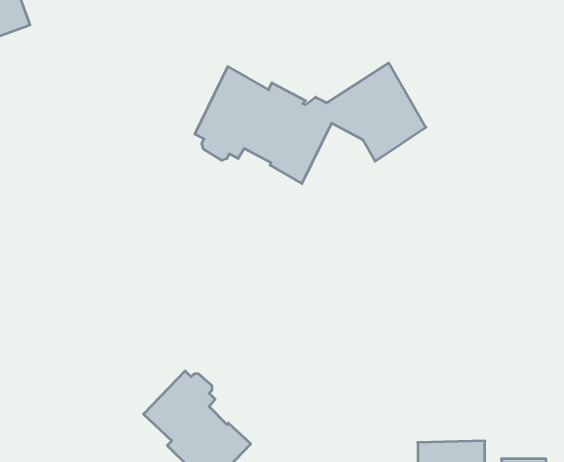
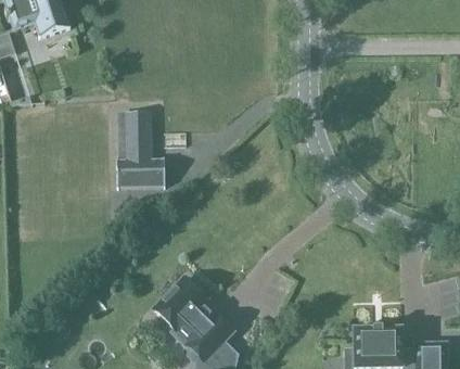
building: [195,63,426,184] -> none
building: none -> [116,113,165,188]

